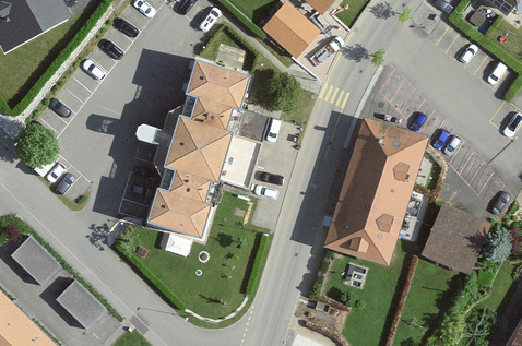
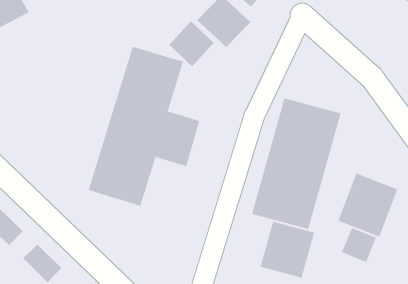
building: none -> [168,20,215,67]
building: none -> [260,221,315,278]
building: none -> [341,228,376,263]

